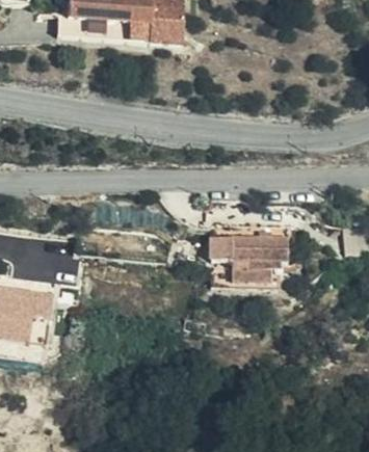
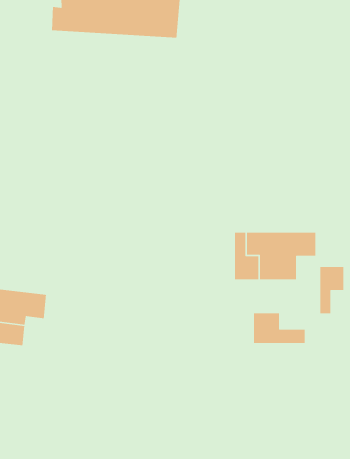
building: none -> [320,266,344,314]
building: none -> [253,312,305,344]

